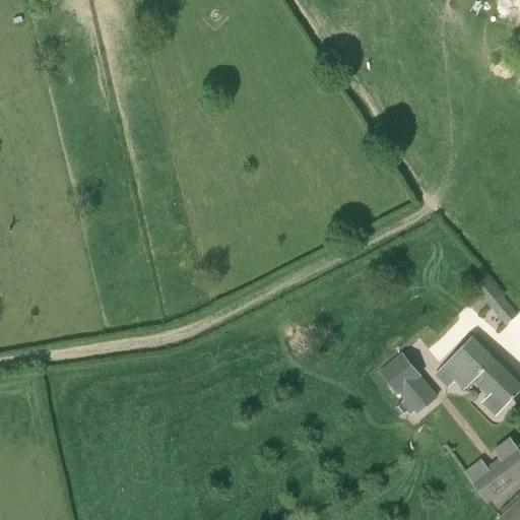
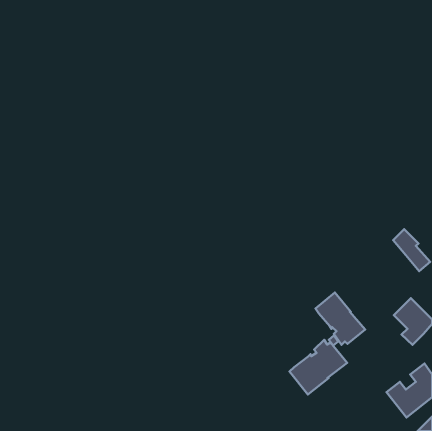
building: [435,336,494,388] -> none
building: none -> [290,340,347,394]

